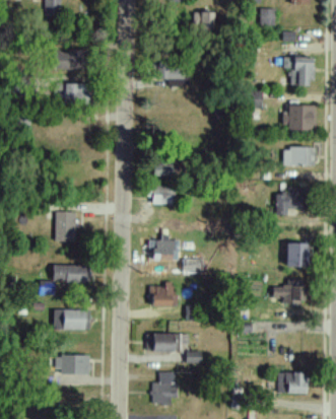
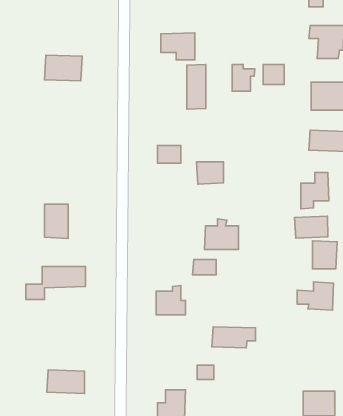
building: [55,52,81,70] -> none
building: none -> [232,65,255,91]
building: none -> [187,65,206,109]
building: [152,186,176,205] -> [197,162,224,184]
building: none -> [295,216,328,238]
building: [151,234,181,261] -> [204,219,238,249]
building: [54,310,90,331] -> none
building: [152,334,190,352] -> [212,327,255,348]

